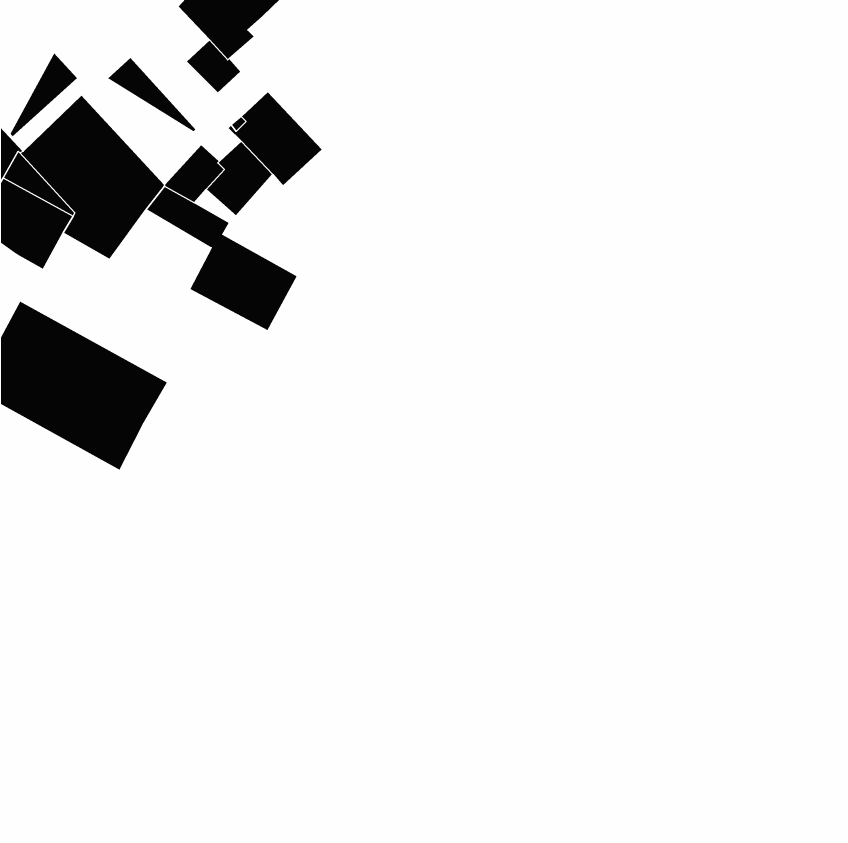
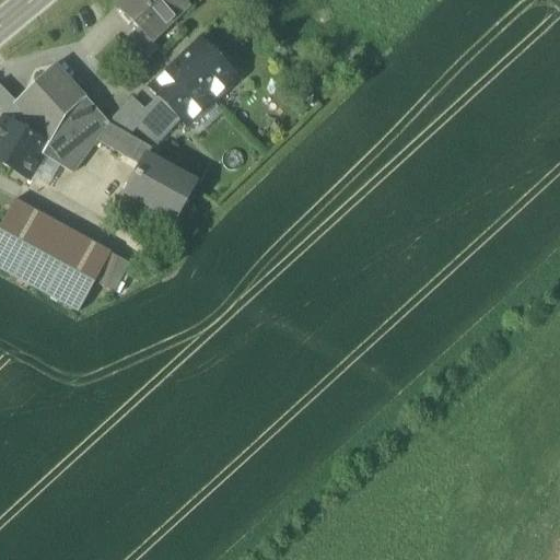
building: [10,52,78,137] -> none
building: none -> [177,37,236,98]
building: [107,57,196,132] -> none
building: none -> [95,252,128,289]

